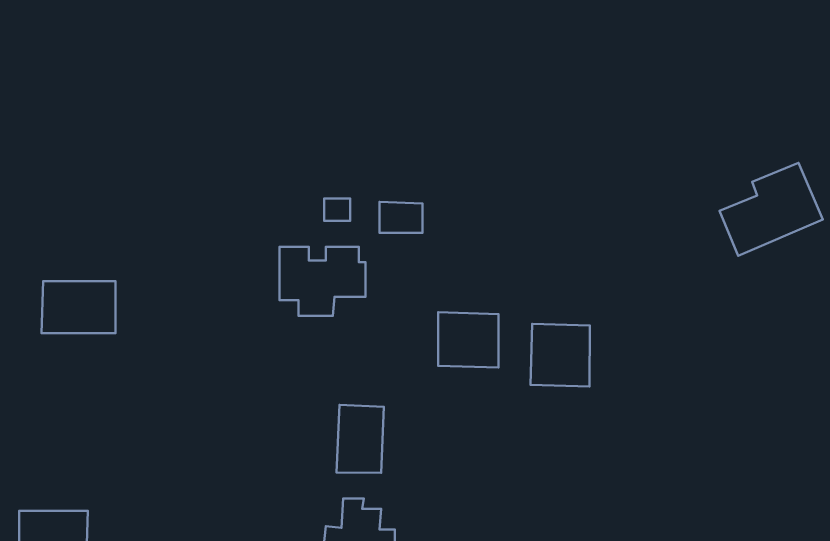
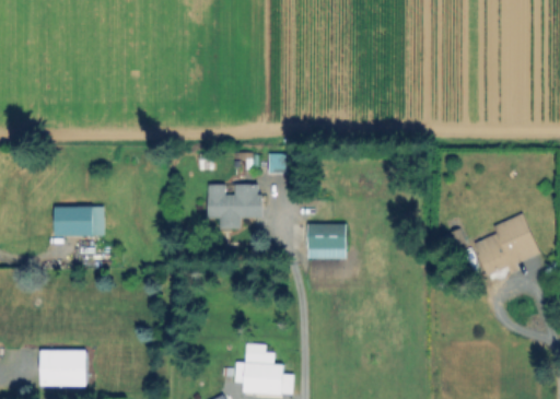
building: [719,163,823,256] -> [474,215,539,274]
building: [531,324,590,387] -> none
building: [336,405,384,473] -> none

